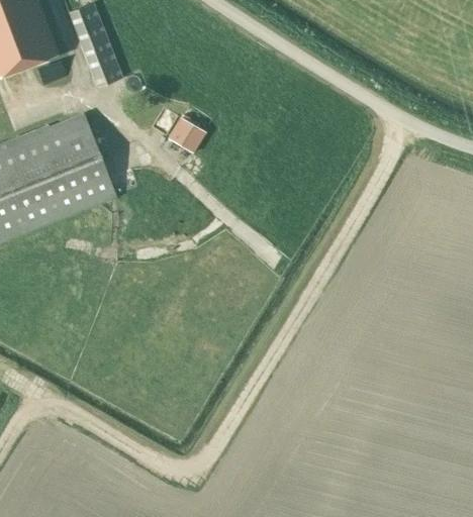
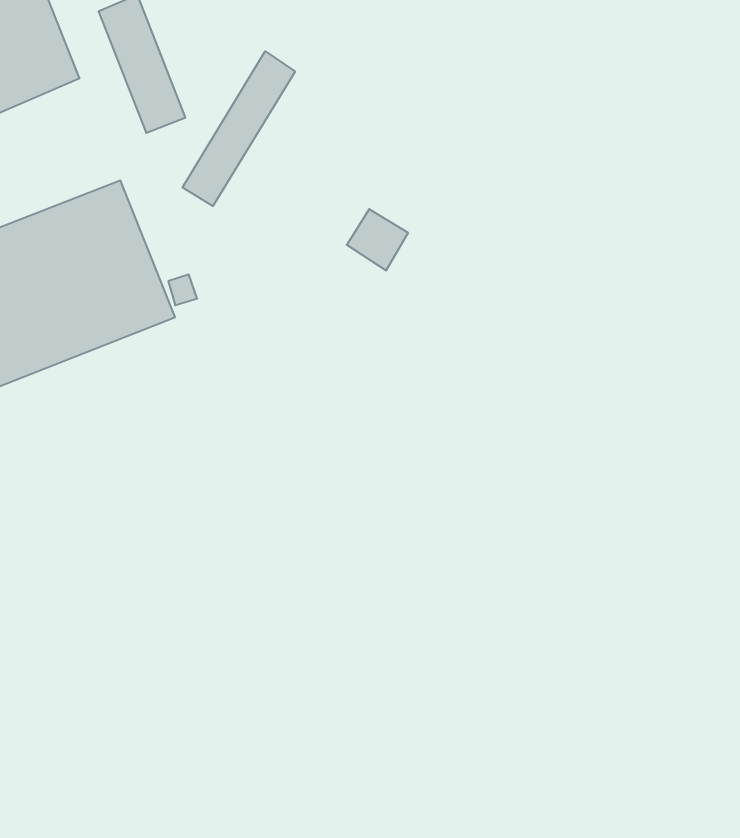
building: none -> [182,51,295,206]
building: [168,117,204,153] -> [347,209,408,271]

